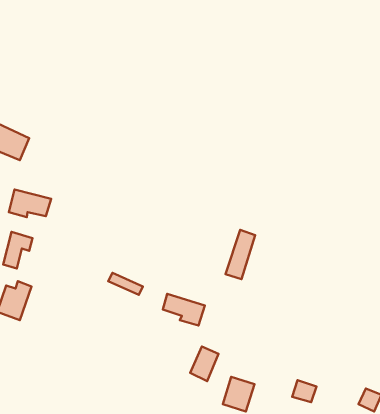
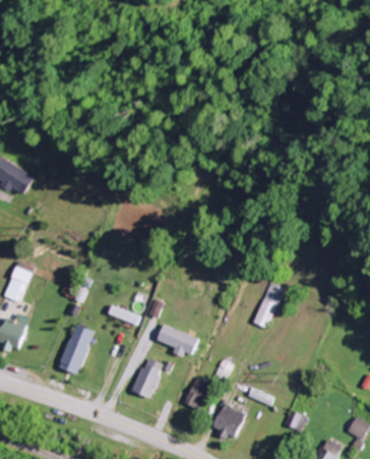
building: [9,189,51,217] -> none
building: [226,230,255,279] -> [250,281,279,329]
building: none -> [60,323,95,372]
building: none -> [133,357,163,396]

